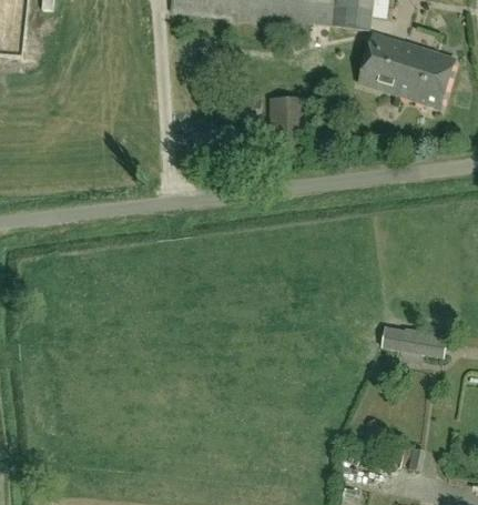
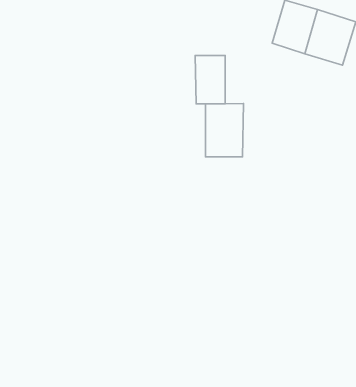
building: none -> [206,103,244,157]
building: [380,324,447,356] -> none

